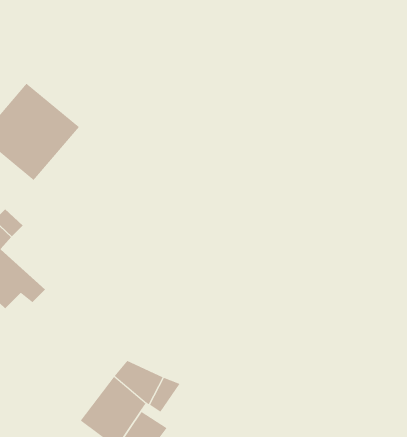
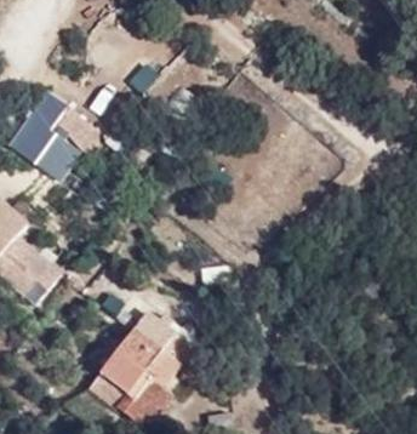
building: none -> [131,316,189,360]

